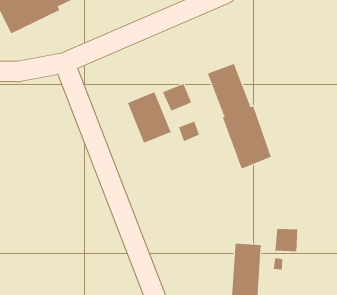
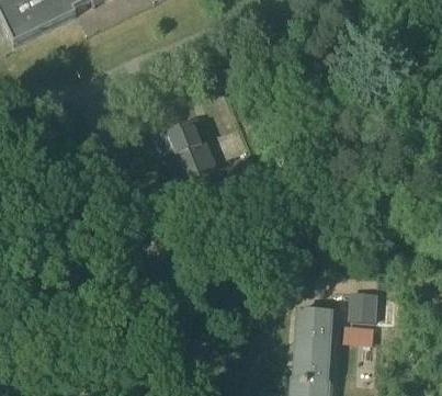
building: [207,63,272,169] -> none
building: [162,83,192,111] -> none

